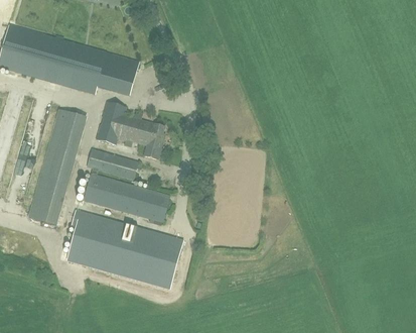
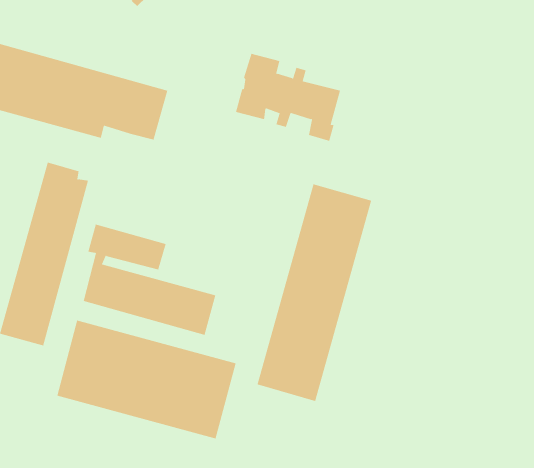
building: [96,101,164,158] -> [235,53,341,141]
building: none -> [257,183,372,402]

